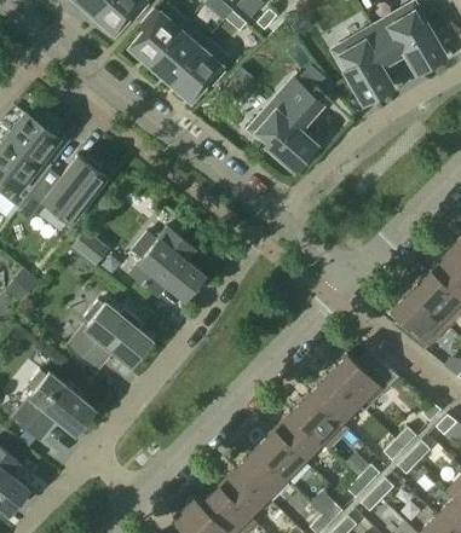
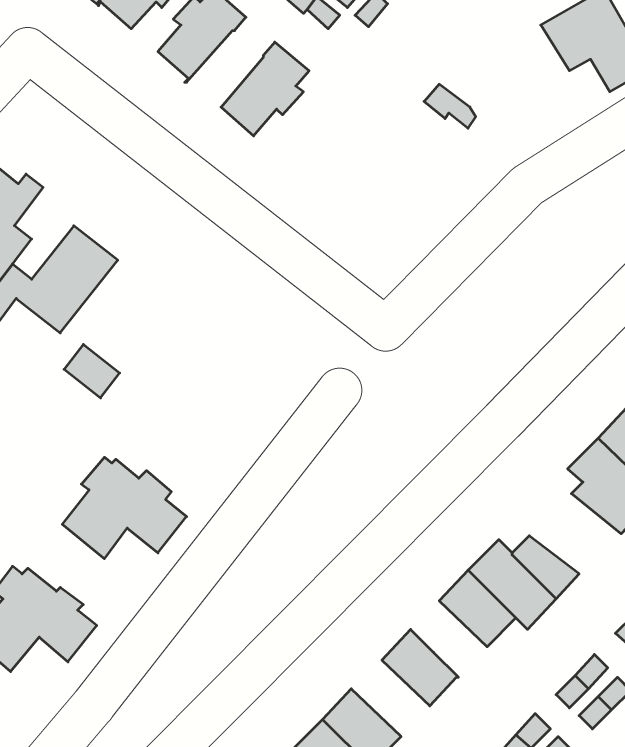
building: [335,29,392,103] -> none
building: [150,33,198,81] -> none
building: [252,81,321,168] -> none
building: [131,227,203,297] -> none
building: [292,393,347,447] -> none
building: [254,430,304,479] -> none

